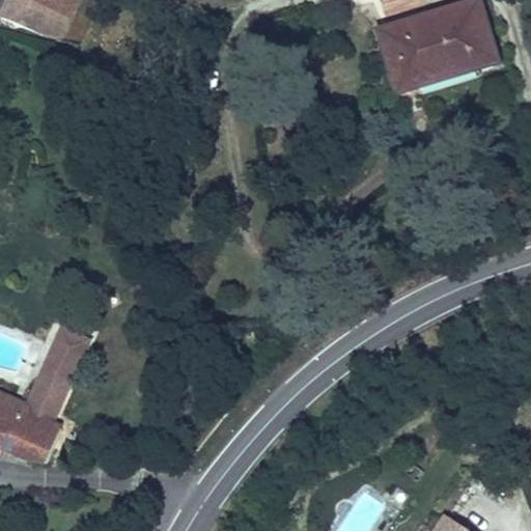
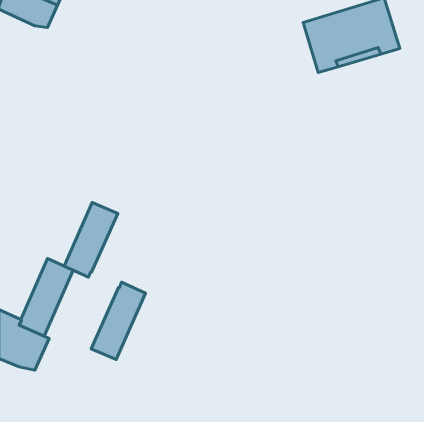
building: none -> [64,202,118,277]
building: none -> [91,282,146,360]

